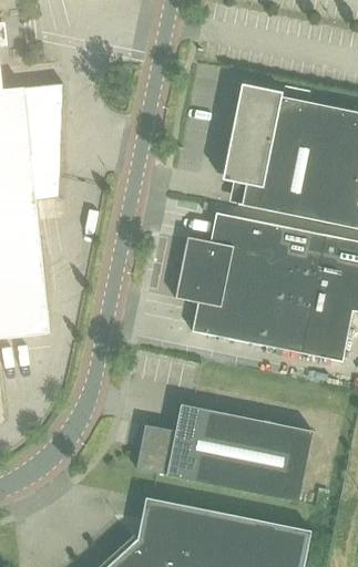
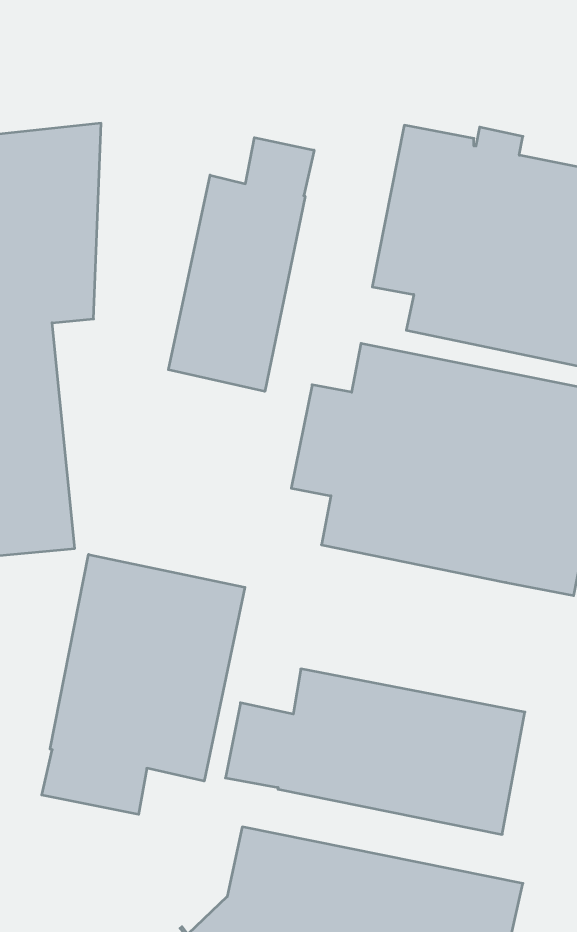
building: none -> [168,138,314,391]
building: none -> [42,554,245,814]

